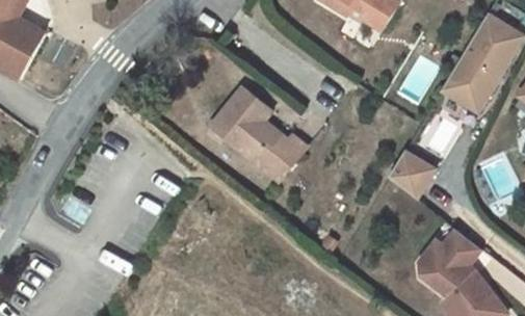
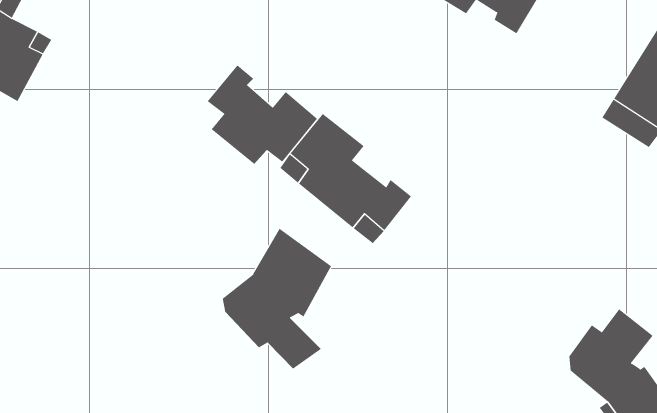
building: none -> [207,65,318,165]
building: [388,151,434,198] -> none
building: none -> [222,228,332,369]

